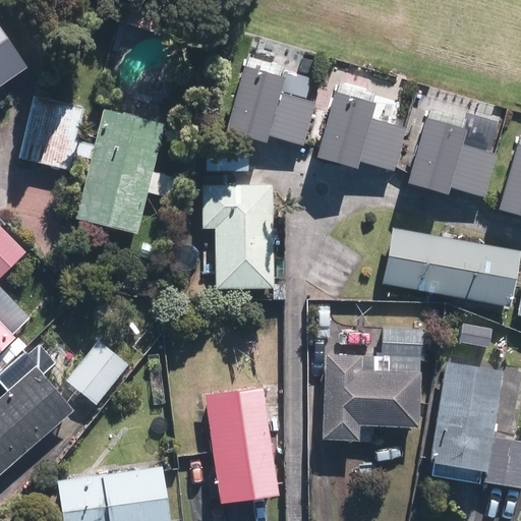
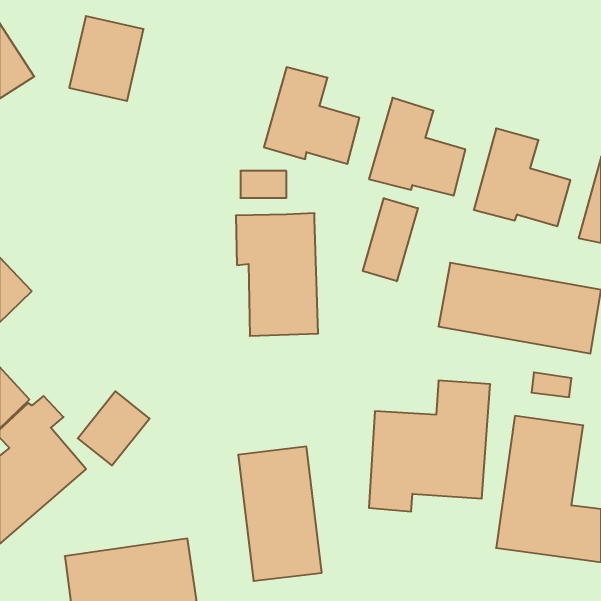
building: [22,96,86,169] -> [69,16,144,101]
building: [80,107,170,231] -> none
building: none -> [363,198,418,281]

